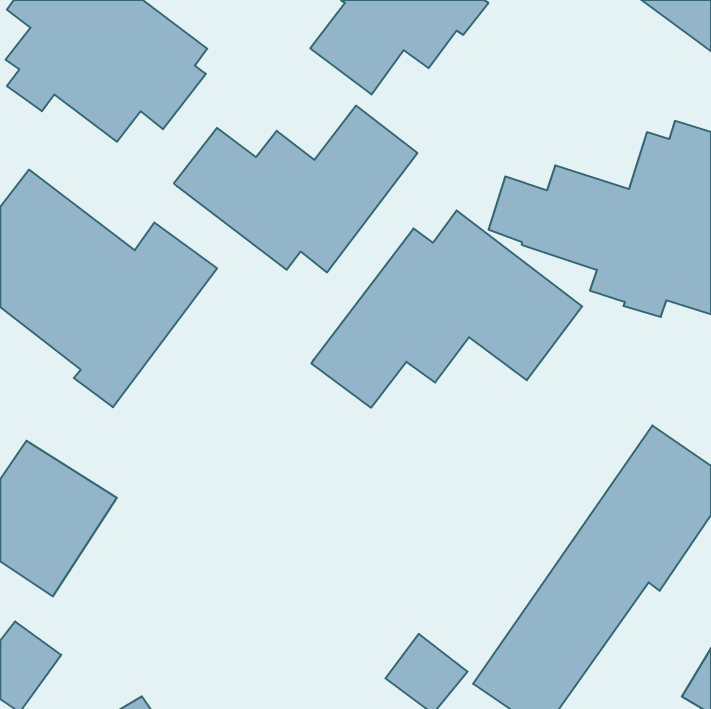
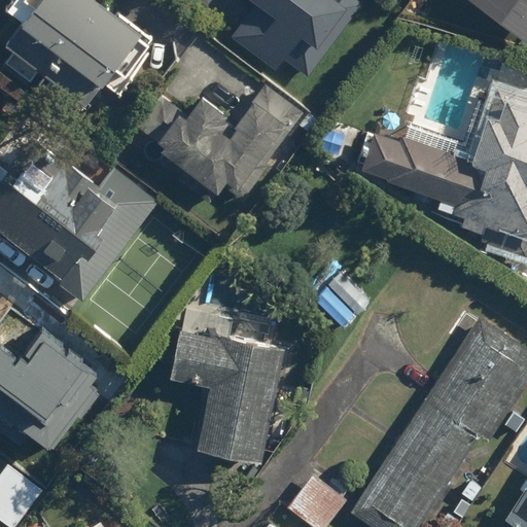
building: [311,210,582,408] -> none
building: none -> [170,327,284,463]

